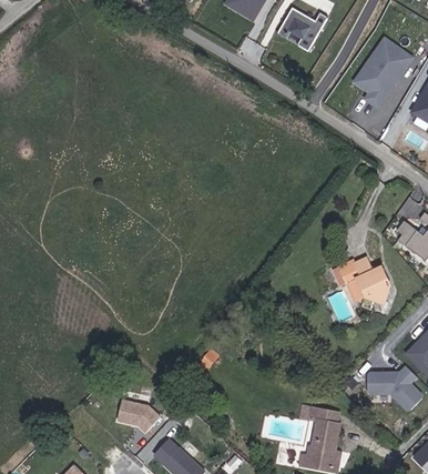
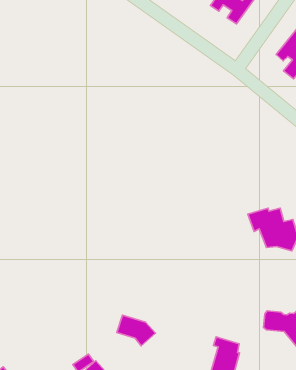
building: [122,400,165,432] -> [117,315,155,346]

